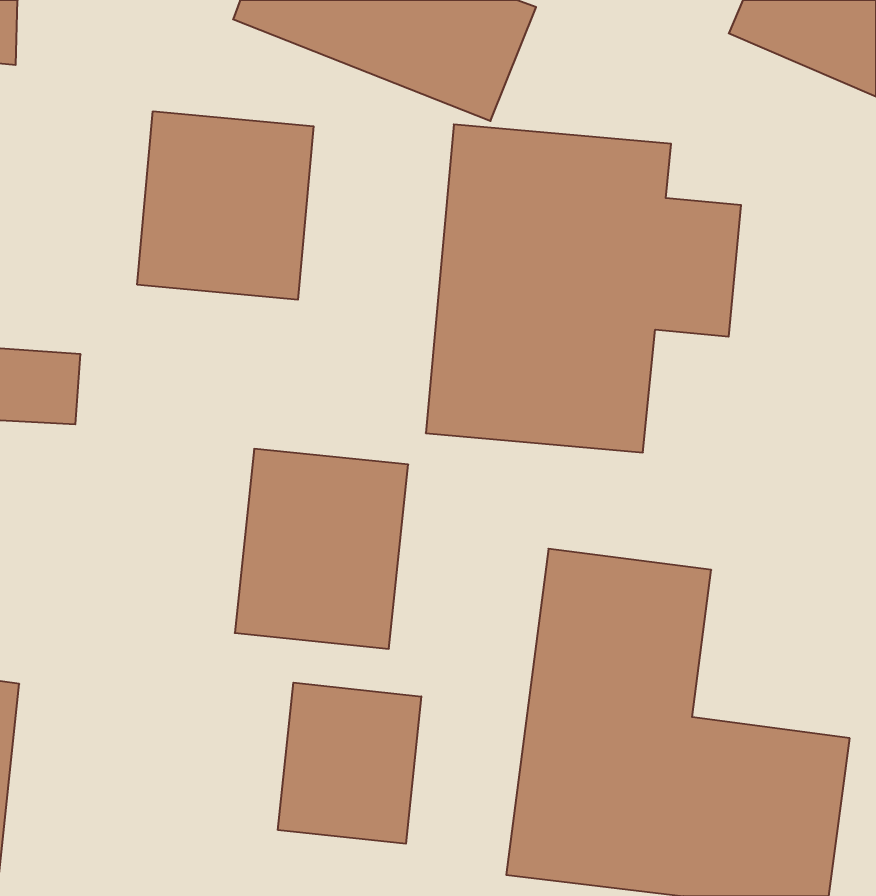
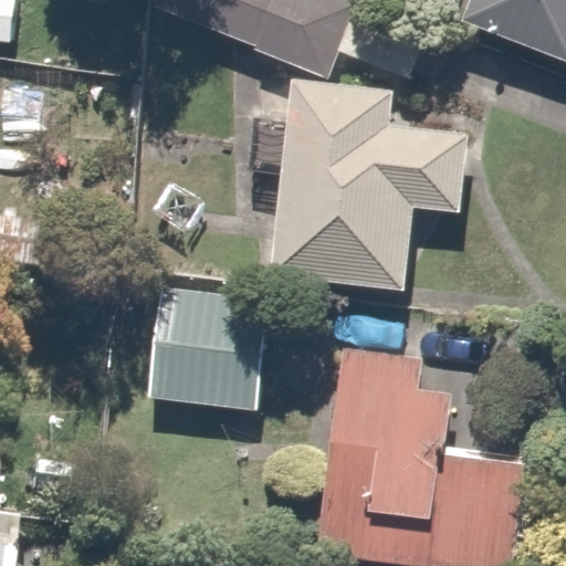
building: [137,111,314,300] -> none
building: [278,683,421,844] -> none

